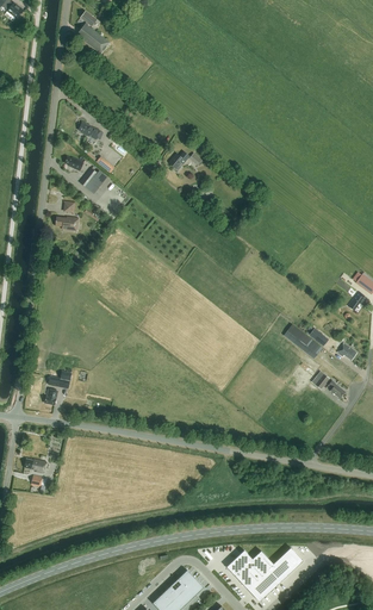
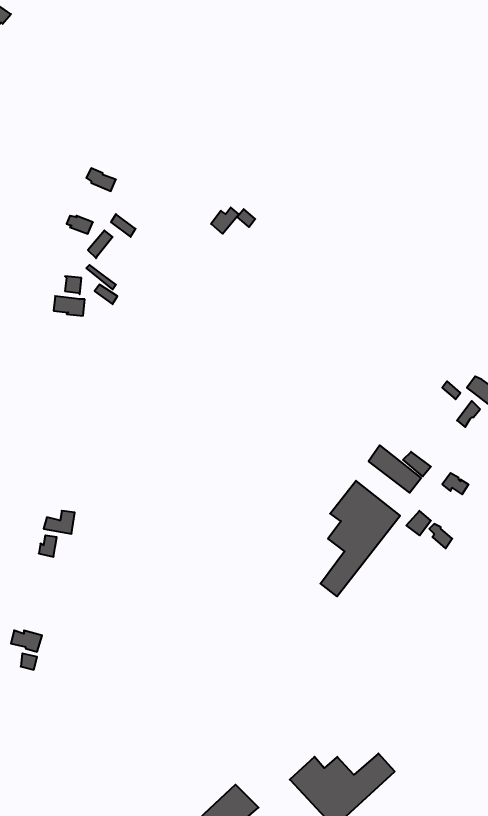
building: [77,12,111,55] -> none
building: none -> [320,481,400,596]

